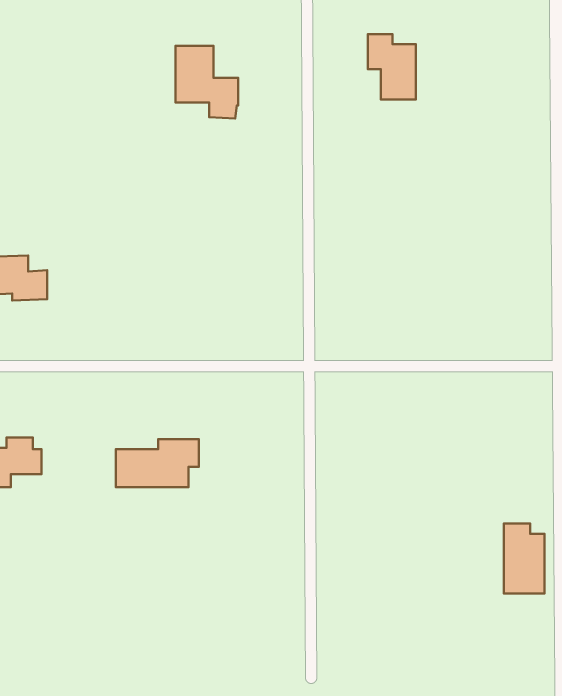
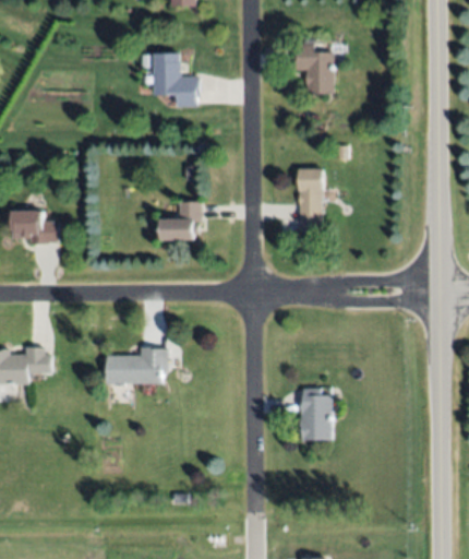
building: none -> [298,167,323,231]
building: none -> [161,201,202,240]
building: [504,524,545,593] -> [301,388,332,440]

